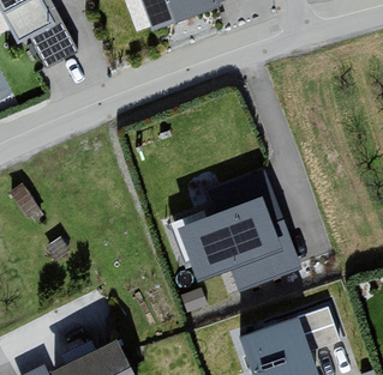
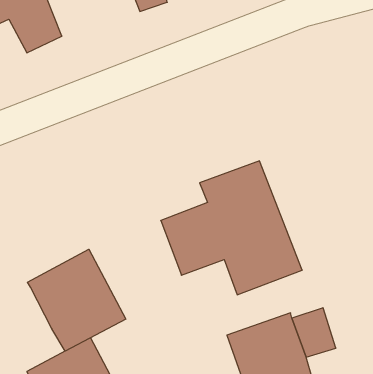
building: none -> [27,249,126,351]

